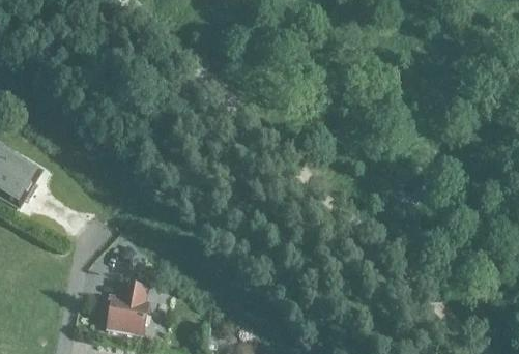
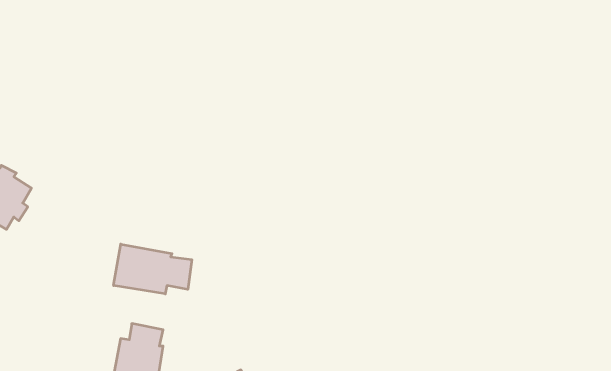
building: none -> [114,244,192,294]

